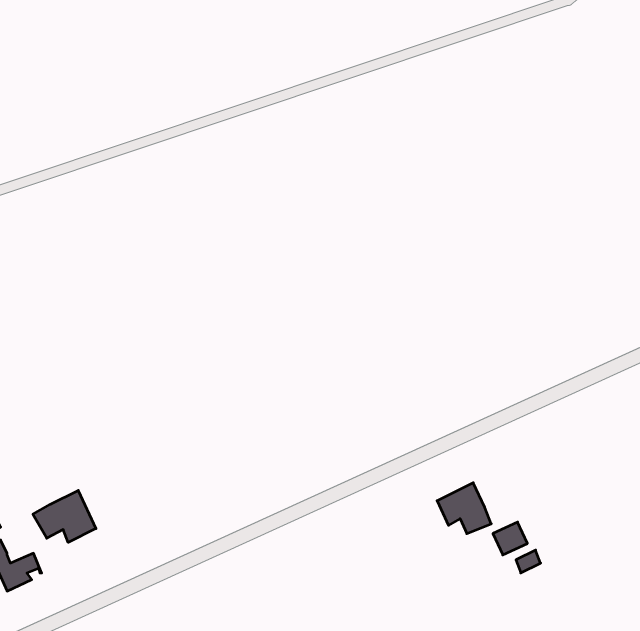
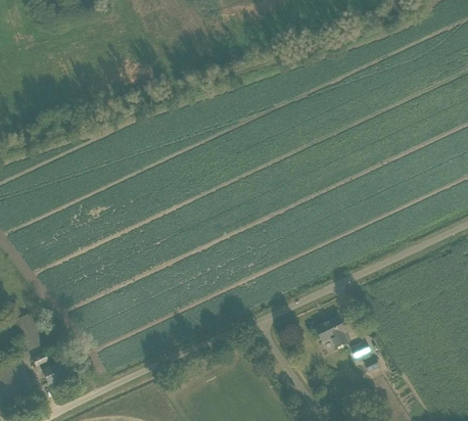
building: [33,490,96,542] -> none

